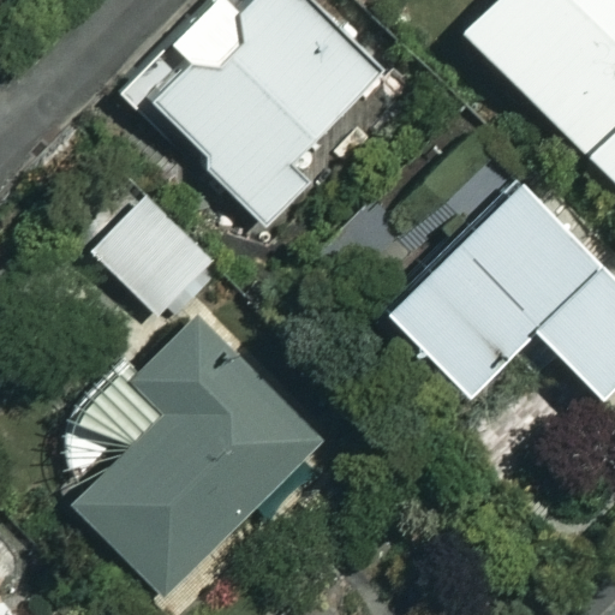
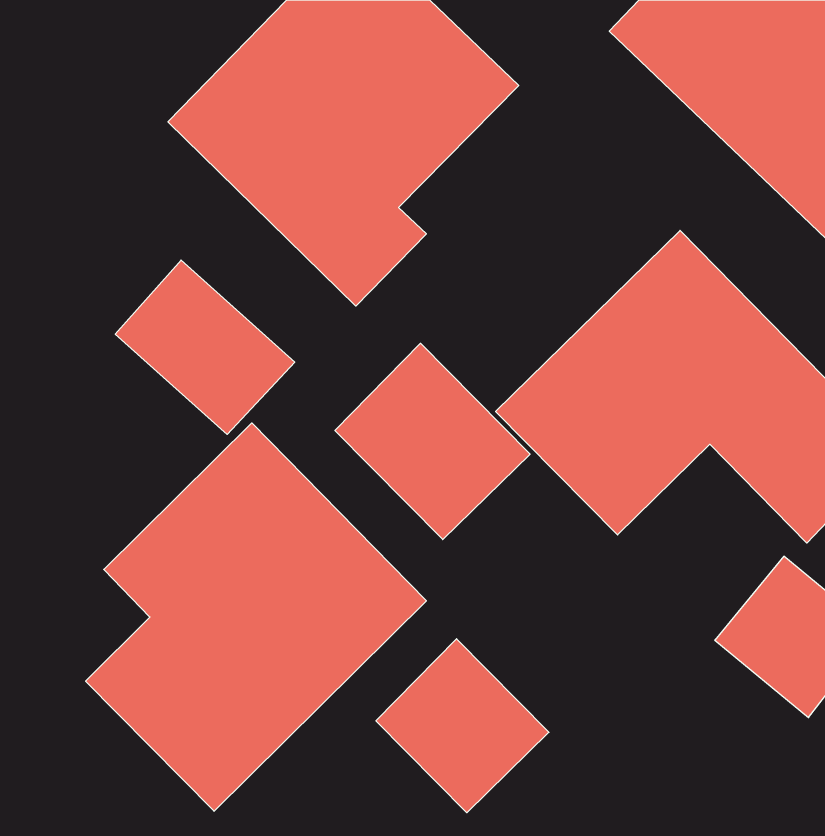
building: none -> [335,343,530,540]
building: none -> [376,639,549,813]

